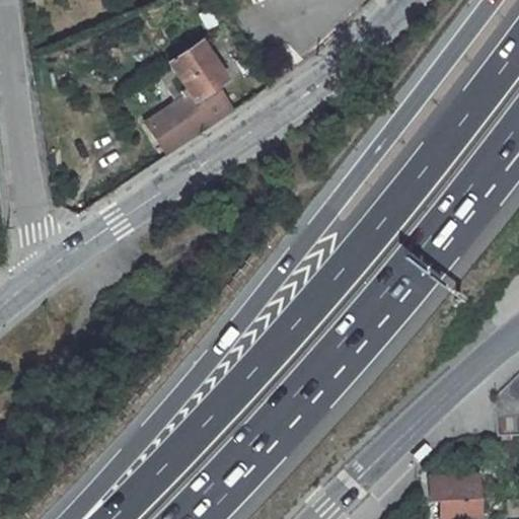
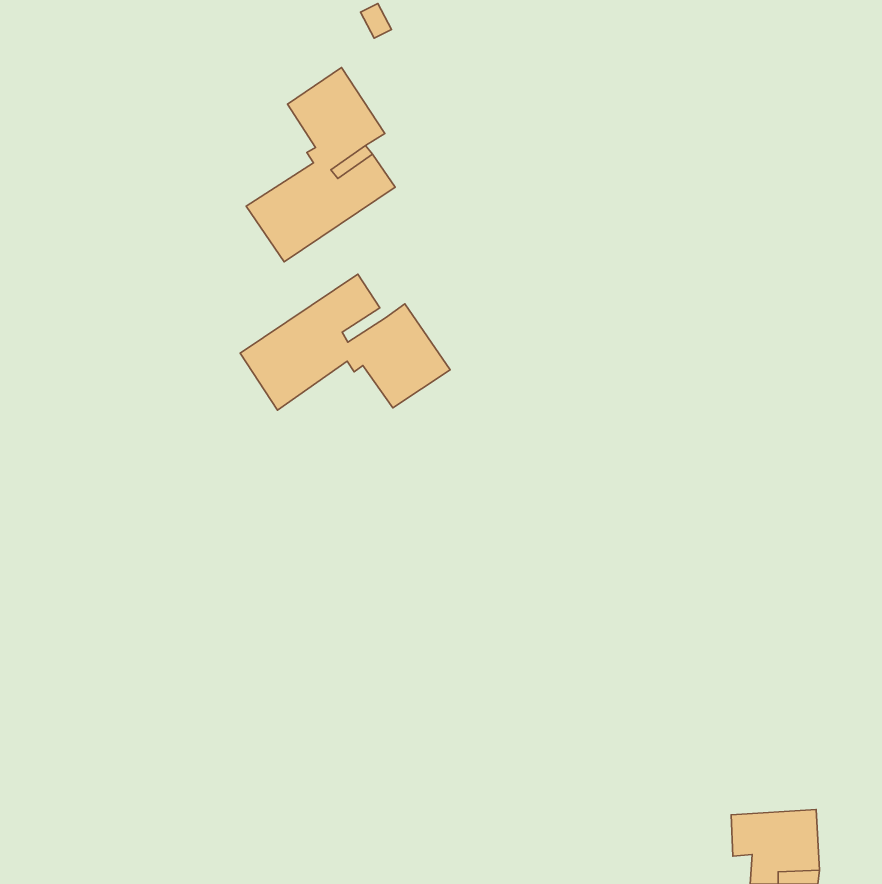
building: none -> [240,274,450,410]

